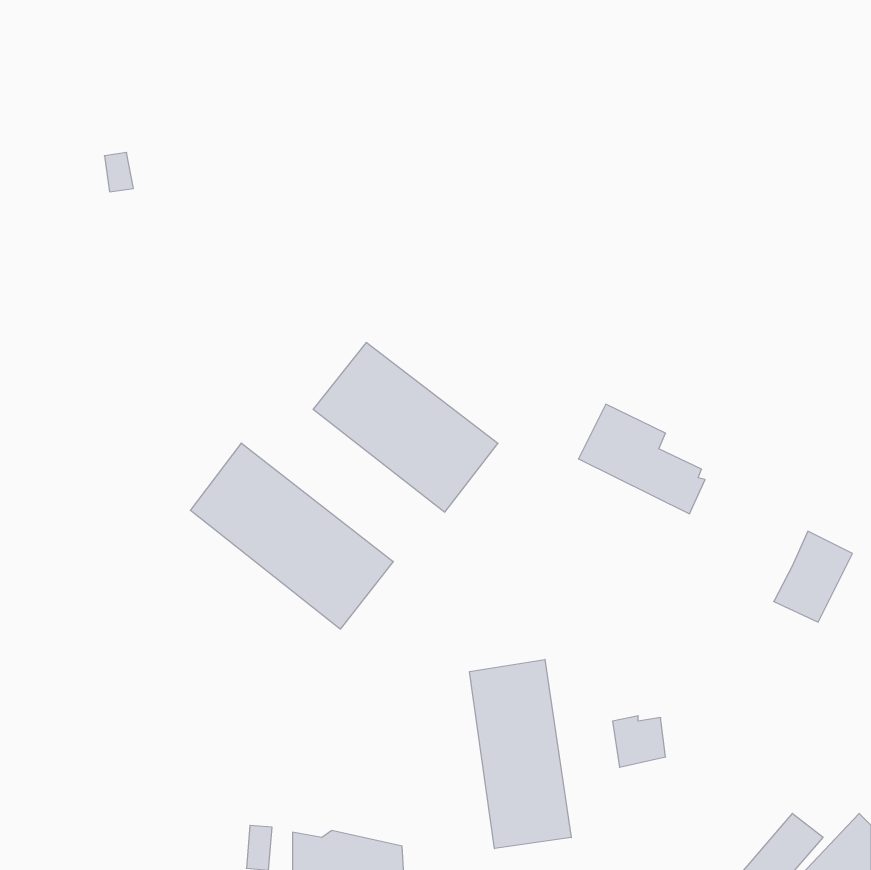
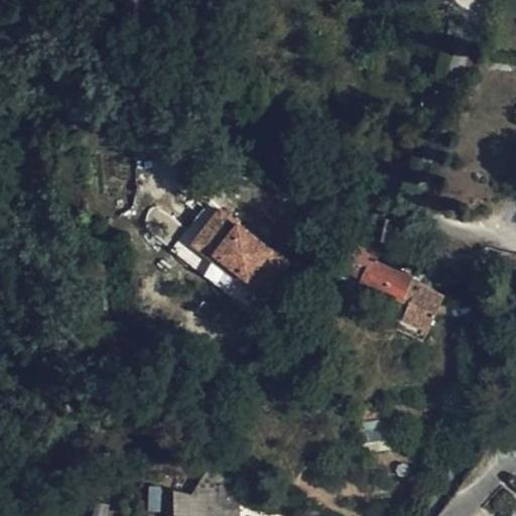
building: [190,443,393,629] -> none
building: [774,531,852,622] -> [395,285,441,339]
building: [470,659,571,849] -> none

